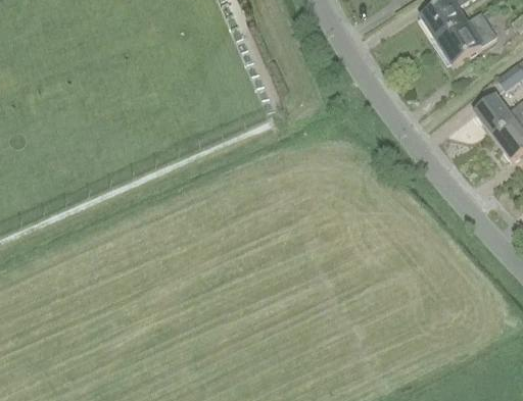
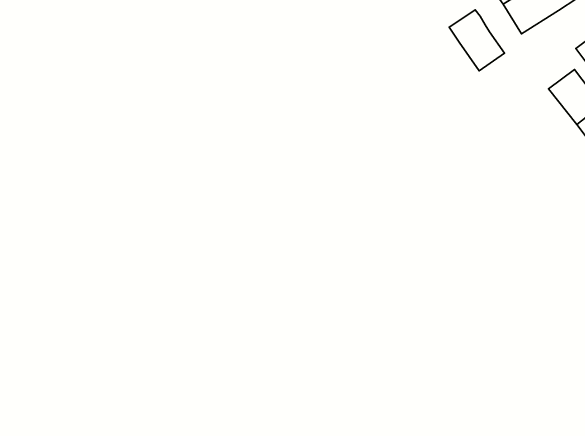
building: none -> [449,10,504,71]

